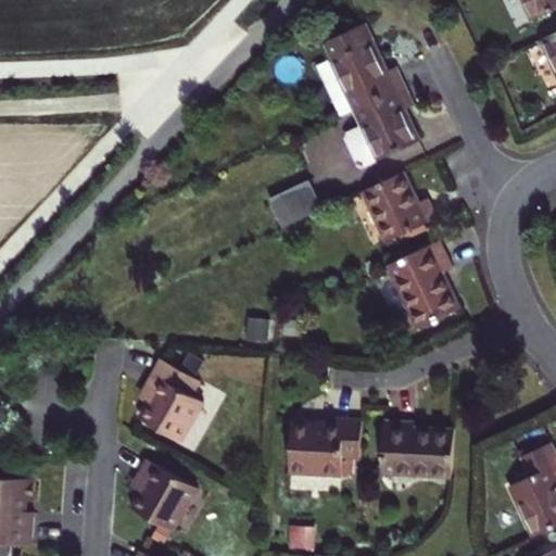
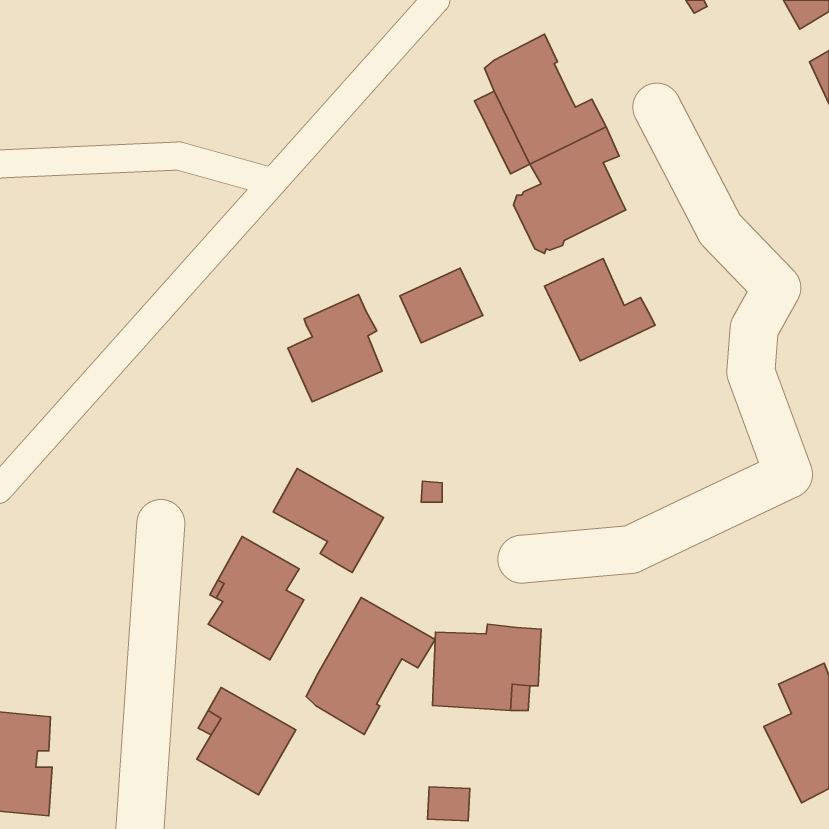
building: none -> [288,295,382,402]
building: [390,242,457,328] -> none
building: none -> [273,469,383,573]
building: none -> [306,597,435,735]
building: [381,422,454,477] -> none

